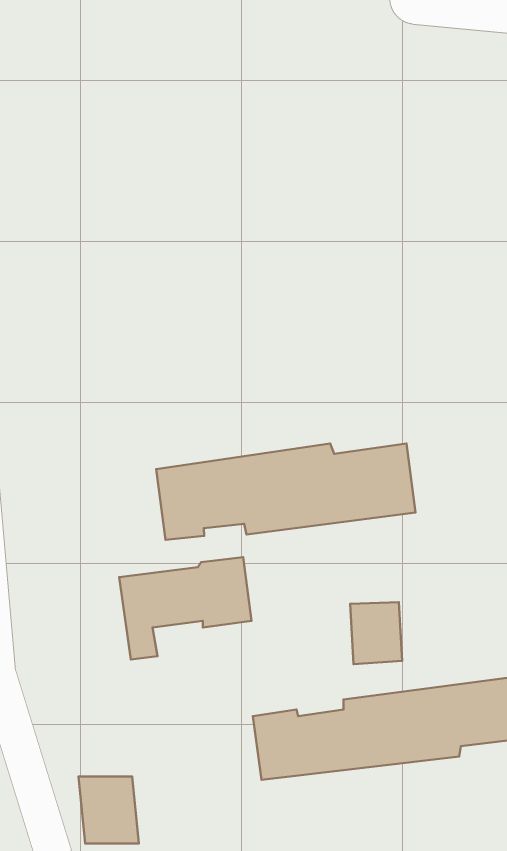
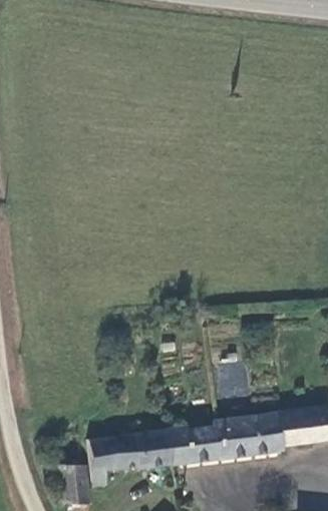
building: [156,443,415,540] -> none
building: [119,557,252,659] -> [84,429,163,490]

